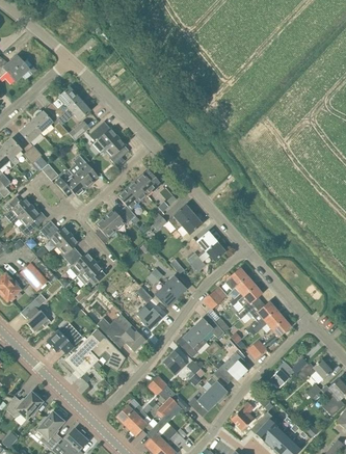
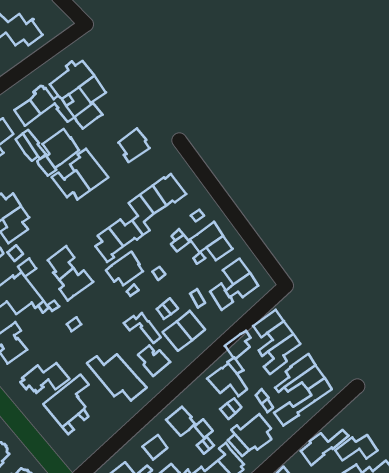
building: [88,121,117,152] -> [42,129,79,168]
building: [41,220,71,246] -> none
building: [76,260,105,287] -> [106,252,143,285]
building: [181,327,206,357] -> none
building: [89,328,125,371] -> none

